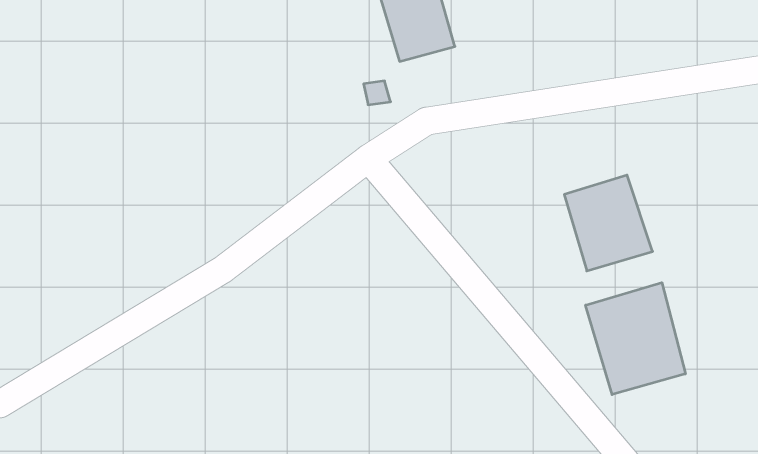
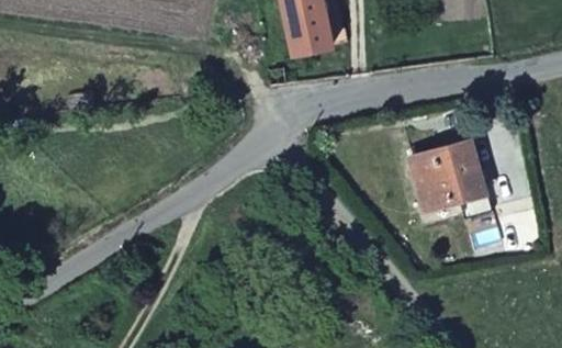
building: [586,283,685,395] -> none

